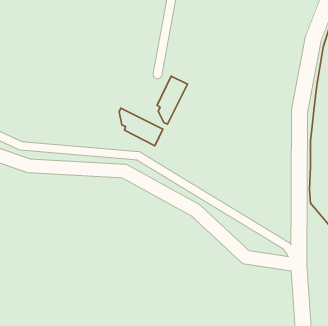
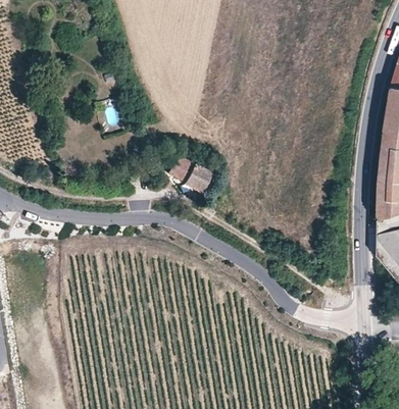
building: [157,76,188,124] -> none

